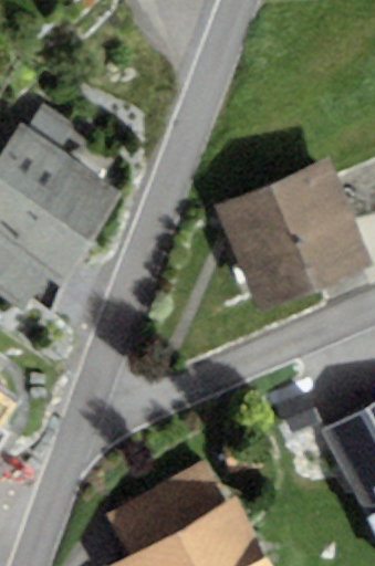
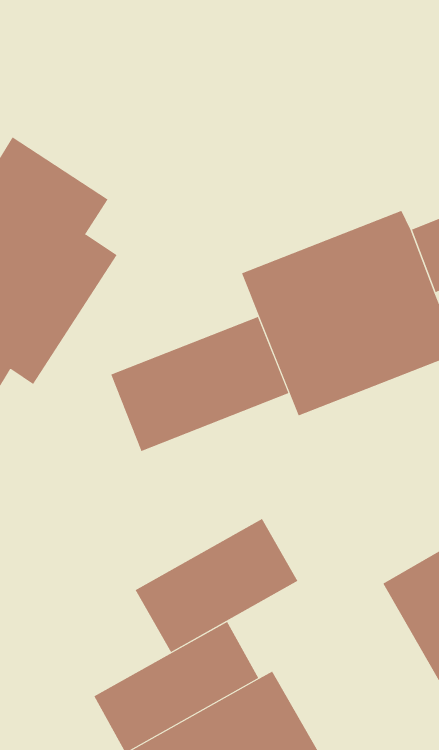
building: none -> [110,316,289,452]
building: none -> [135,518,298,653]

